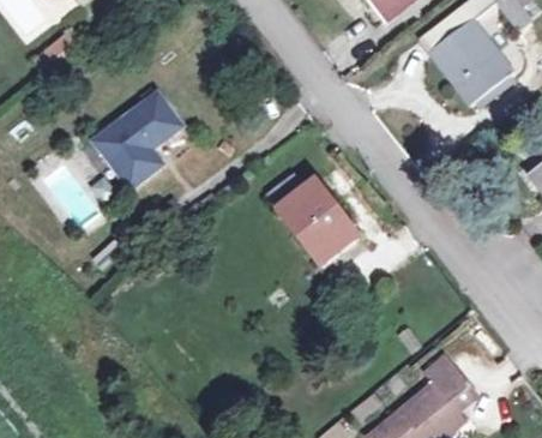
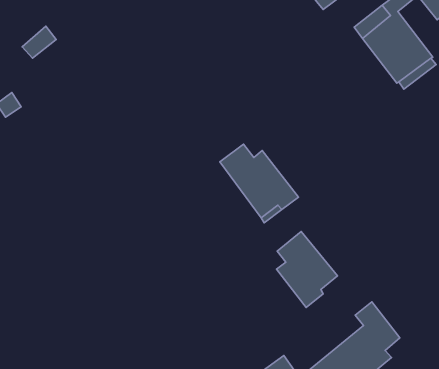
building: [94,90,182,190] -> none
building: none -> [276,231,338,308]

